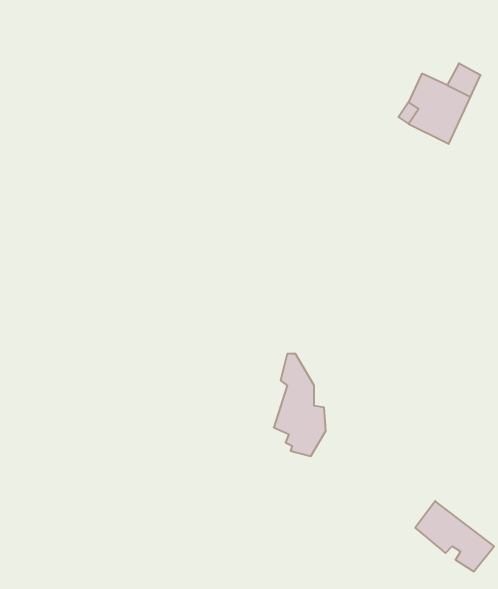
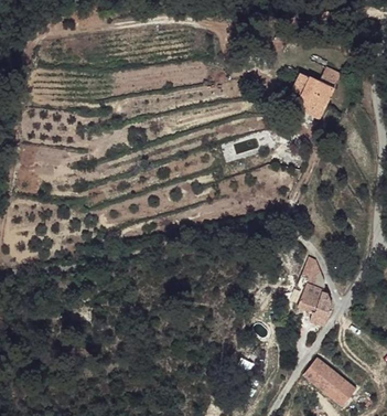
building: [274,354,326,456] -> [297,256,331,323]

